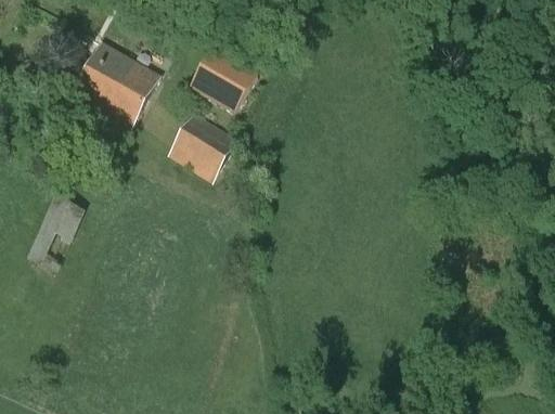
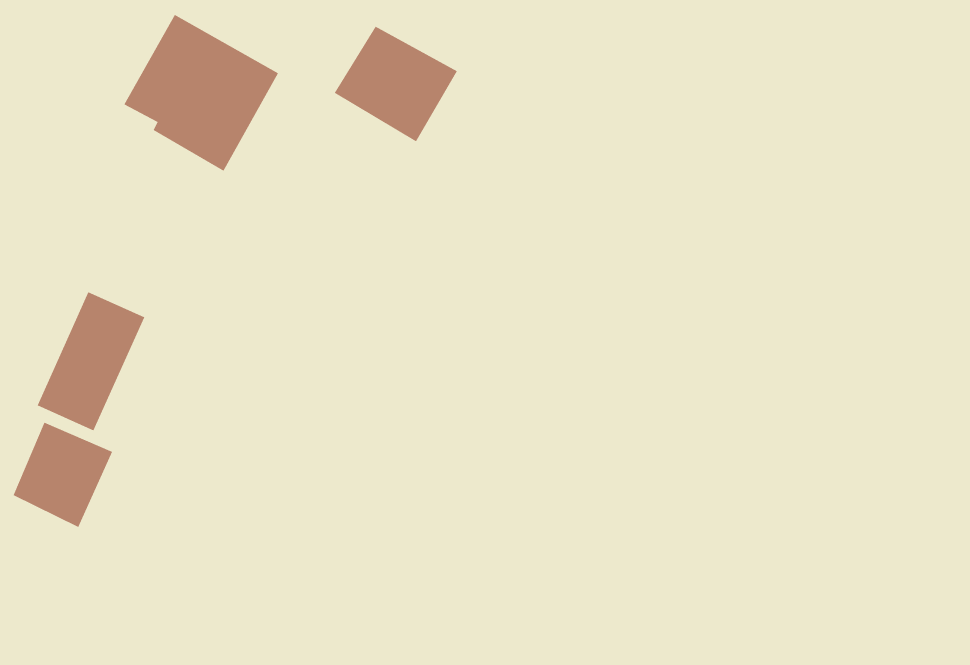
building: [166,109,237,180] -> none
building: none -> [13,422,113,528]

